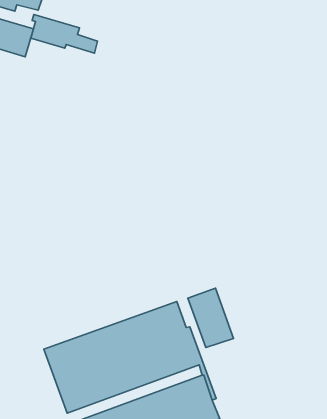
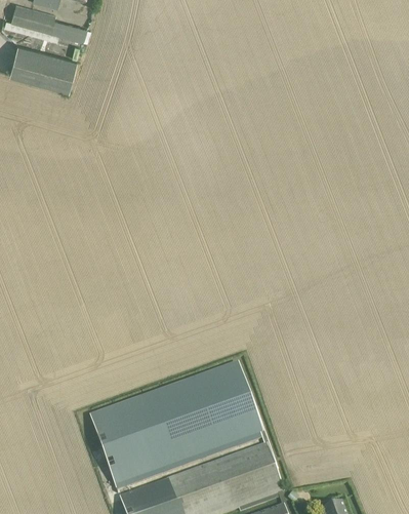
building: [31,14,98,53] -> none
building: [188,288,234,348] -> none

